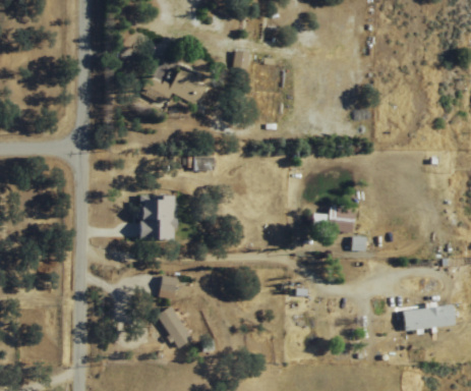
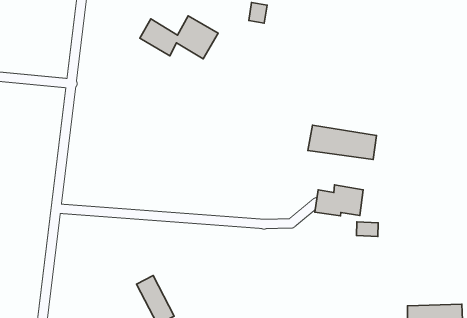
building: none -> [308,125,376,160]
building: [139,196,177,240] -> none

